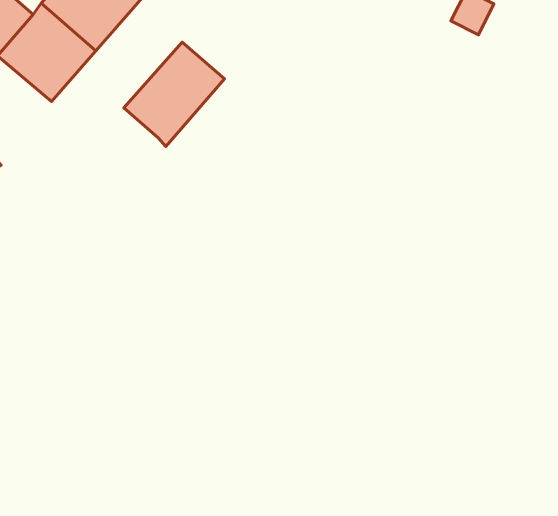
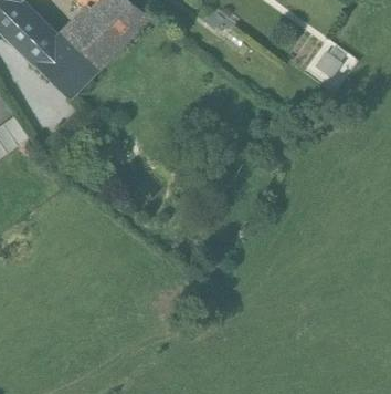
building: [124,42,224,146] -> none

